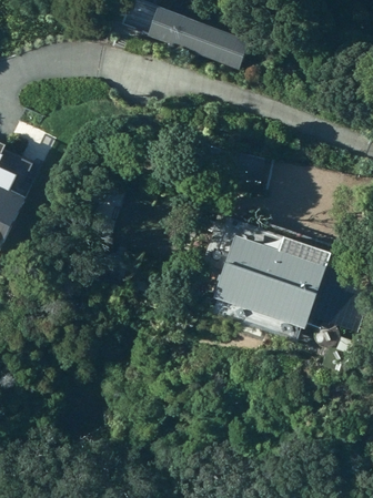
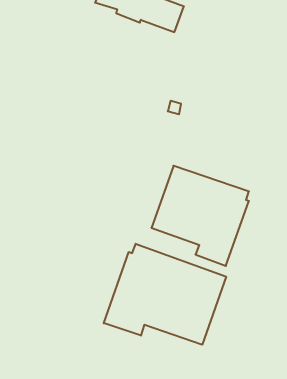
building: none -> [104,244,226,345]

